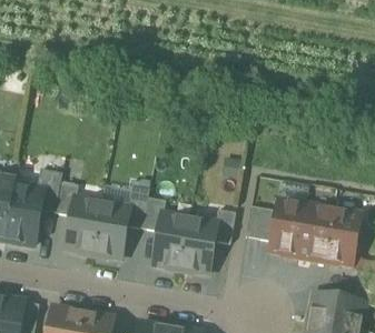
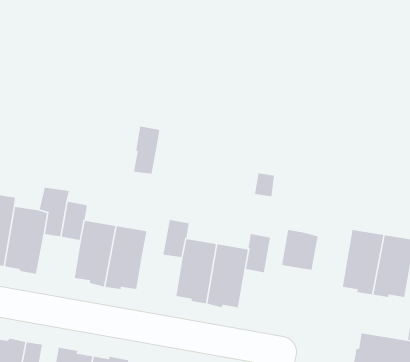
building: [125,184,148,226] -> [133,126,160,175]
building: [269,199,305,256] -> none

